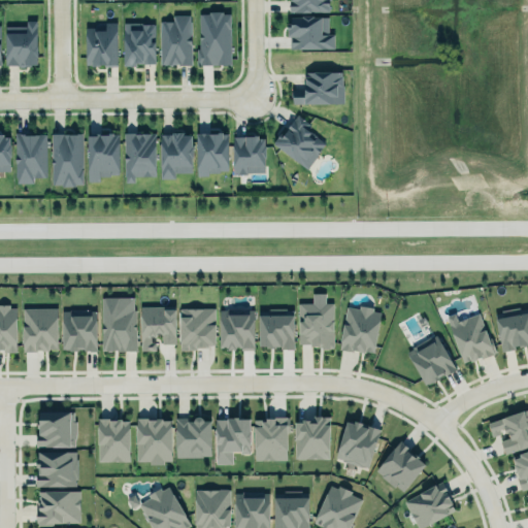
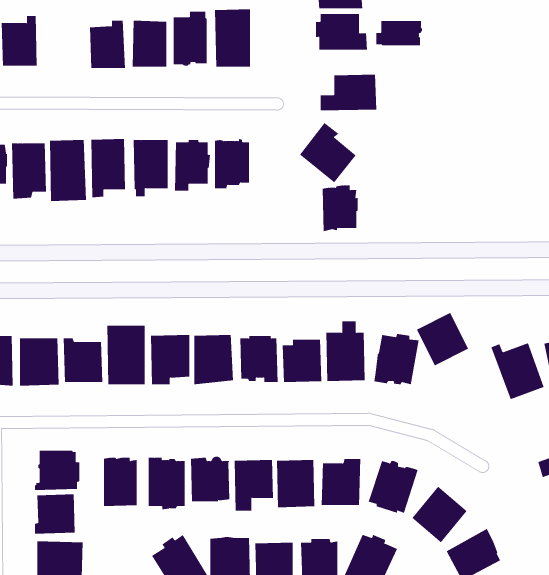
building: none -> [376,20,422,46]
building: [234,133,267,175] -> [322,185,358,232]
building: [408,338,456,387] -> [416,312,469,366]

